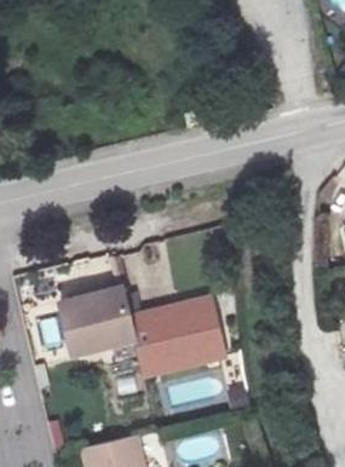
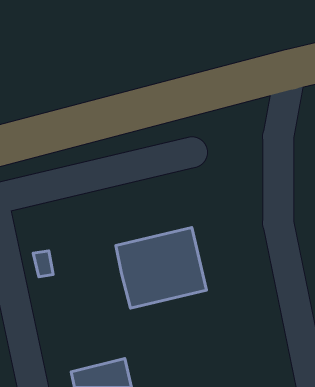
building: [53,281,134,357] -> none

